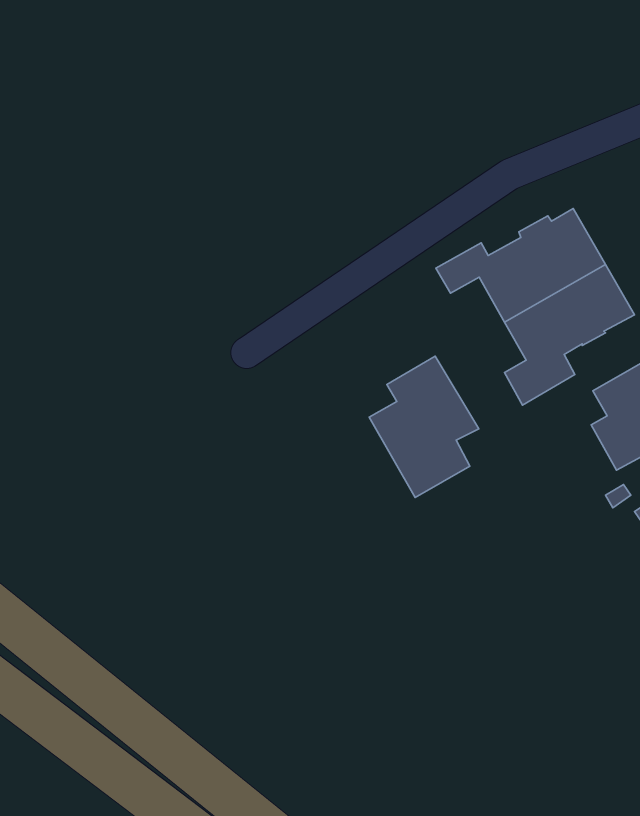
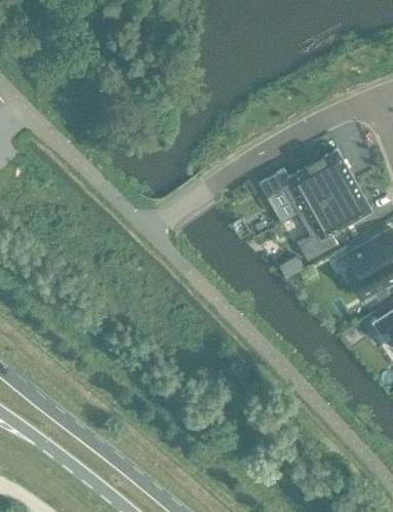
building: [369,356,479,497] -> none

